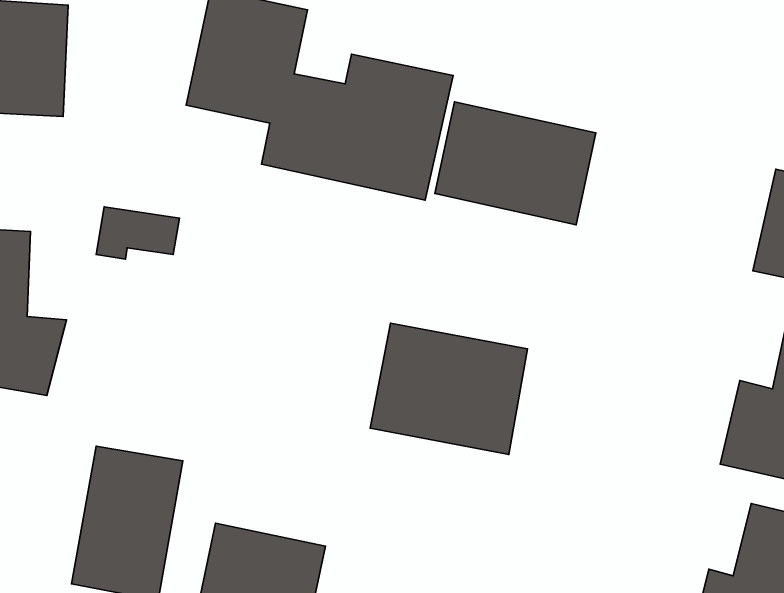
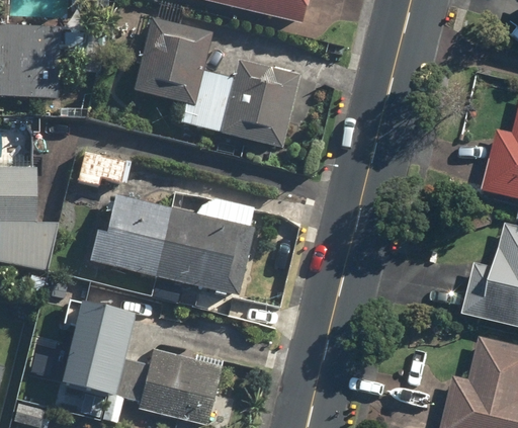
building: [435,102,596,225] -> none
building: none -> [87,192,251,299]
building: [370,323,528,455] -> none

